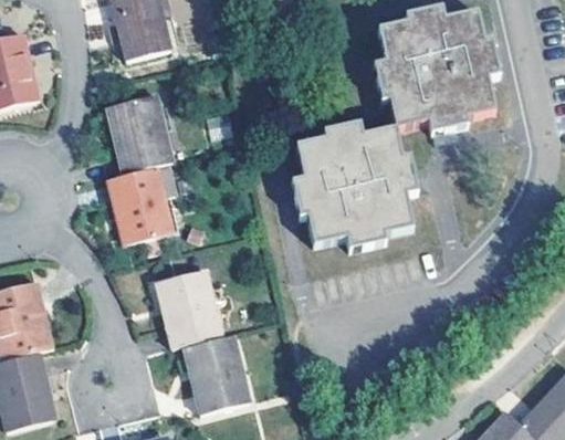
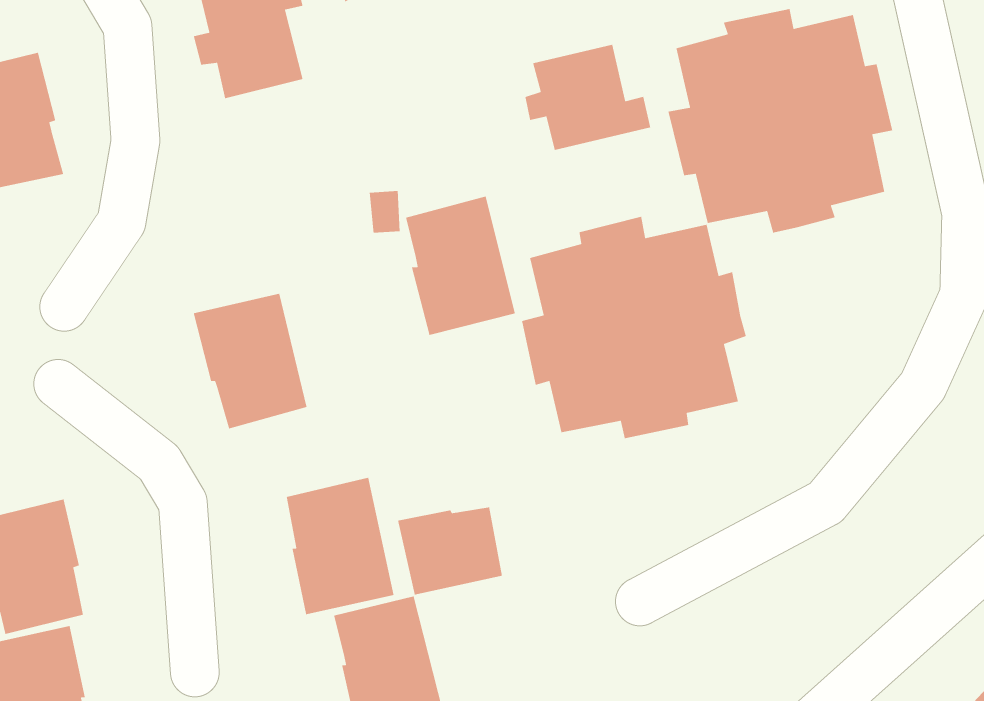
building: none -> [524,44,651,151]
building: [111,94,172,172] -> [405,195,516,336]
building: none -> [397,506,503,595]

